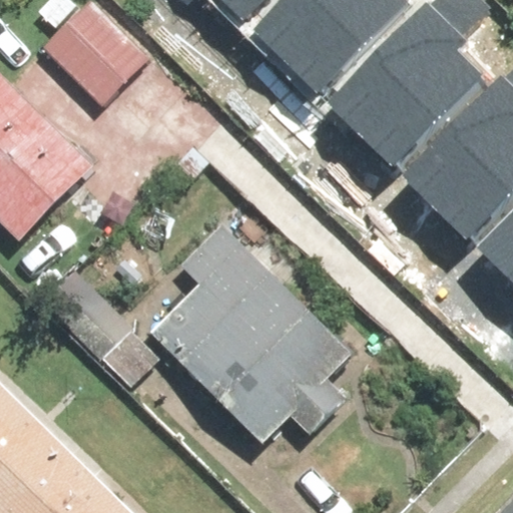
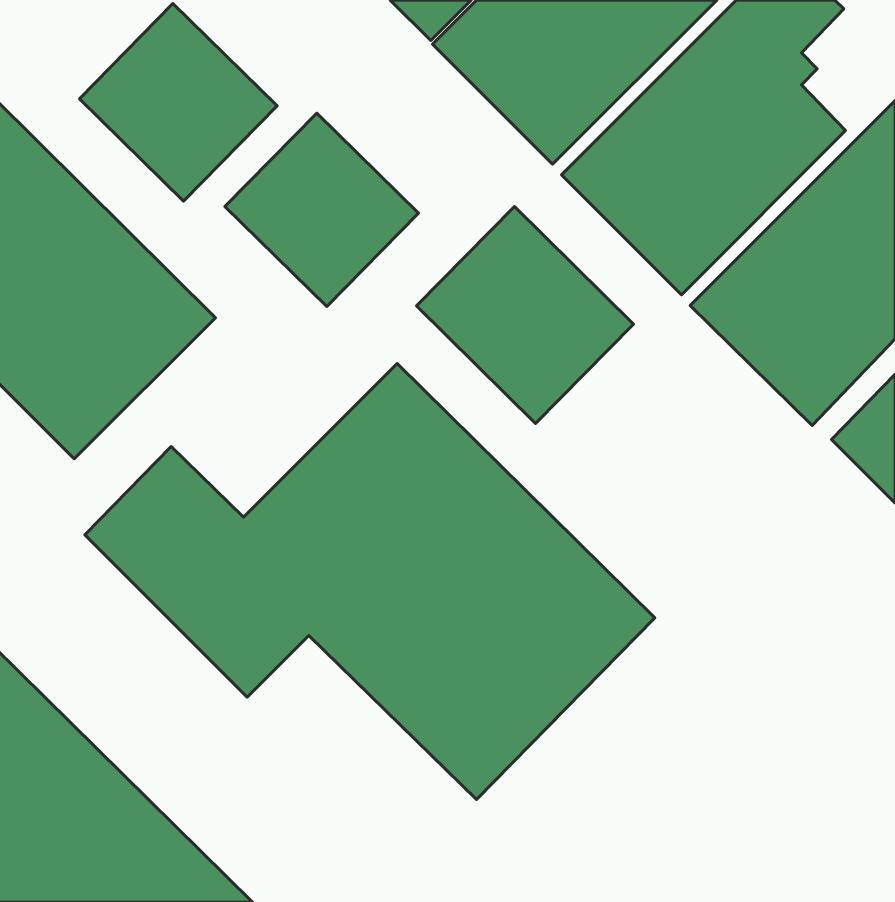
building: none -> [225,113,419,306]
building: none -> [416,207,633,424]

